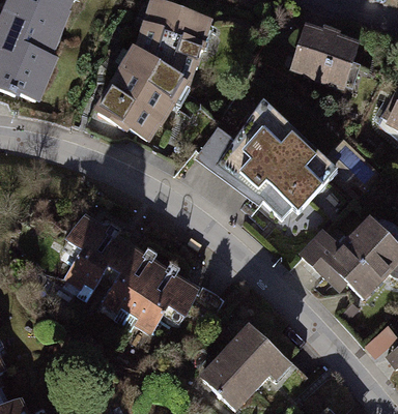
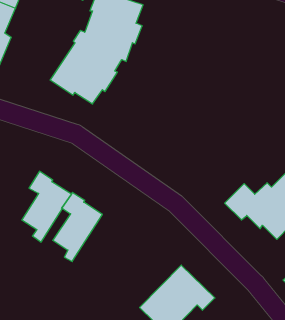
building: [292,31,356,84] -> none
building: [198,107,333,218] -> none
building: [122,268,197,332] -> none

